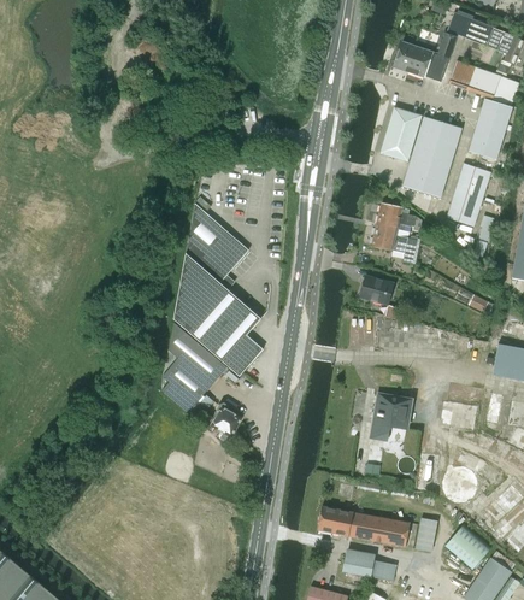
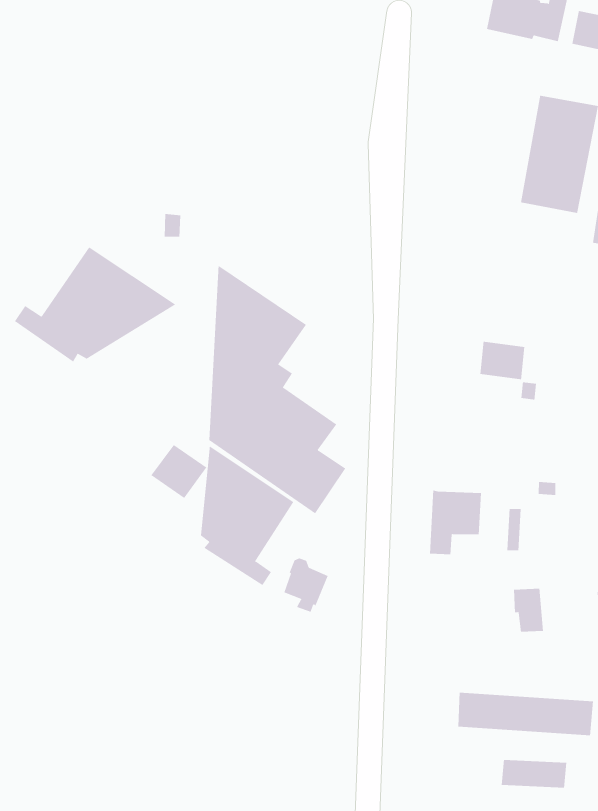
building: [379,107,420,161] -> none
building: none -> [14,247,176,362]
building: [371,202,426,263] -> none
building: none -> [151,444,207,499]
building: [371,394,411,439] -> [429,490,482,555]

